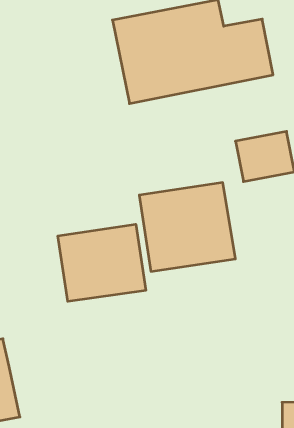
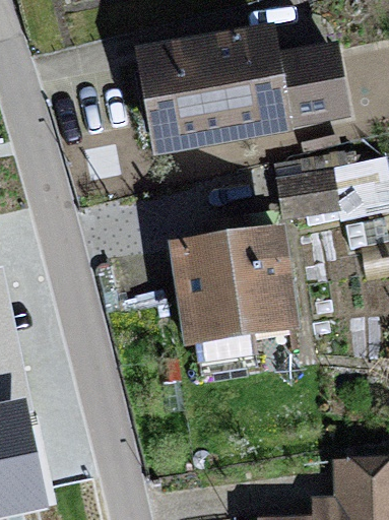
building: [58,224,146,301] -> none

